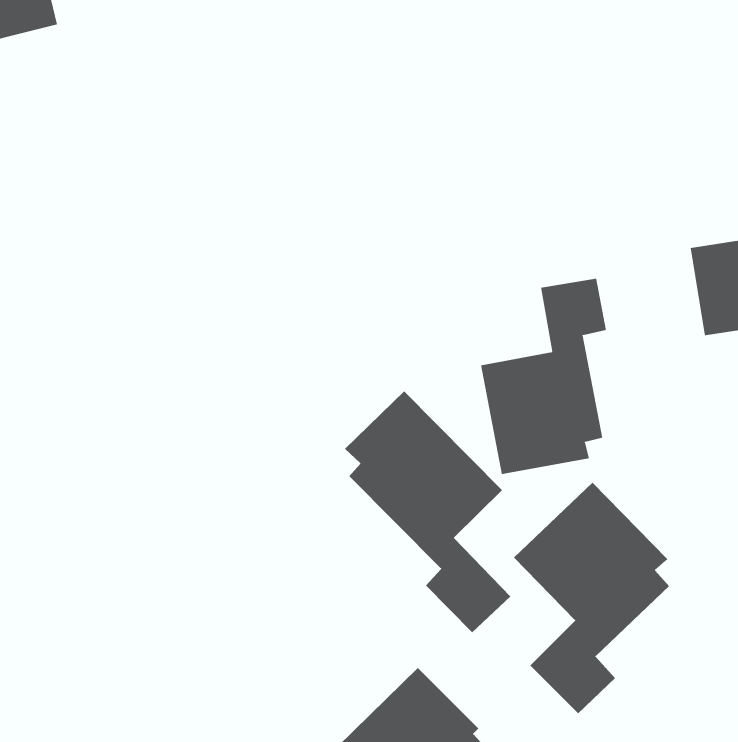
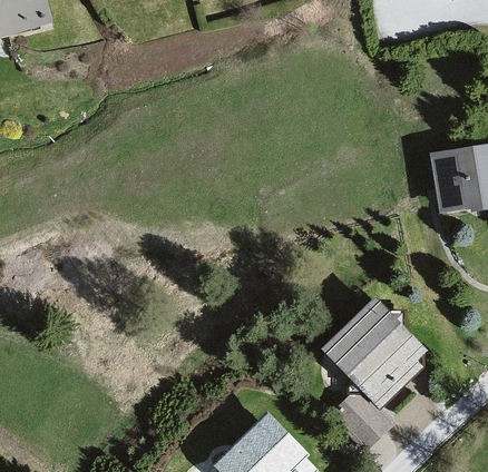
building: [481,278,607,475] -> none
building: [344,390,511,633] -> none

